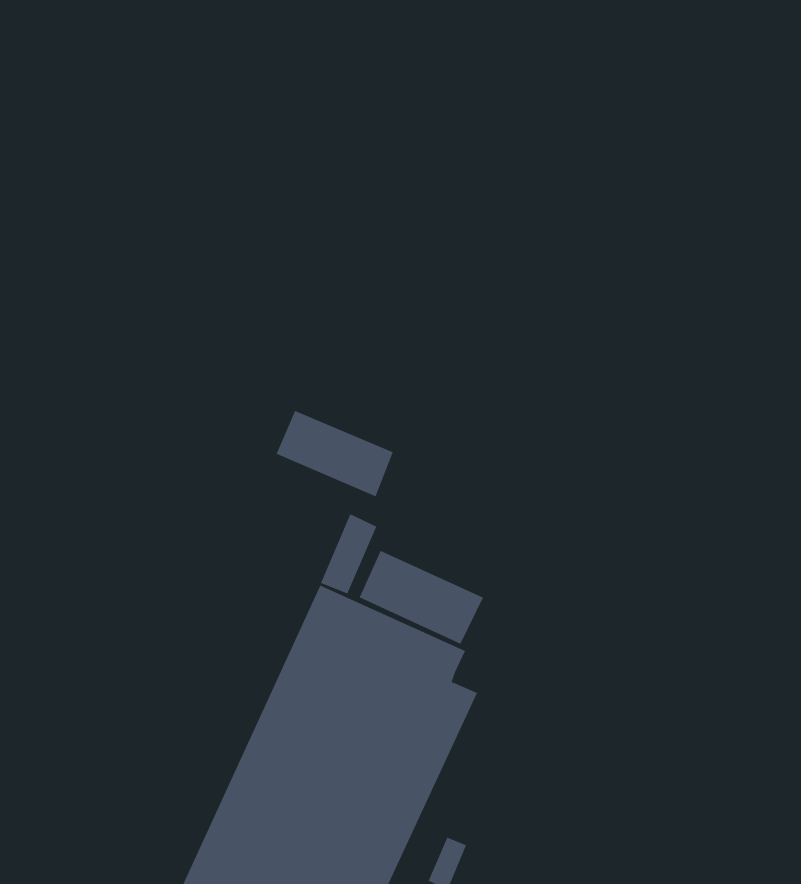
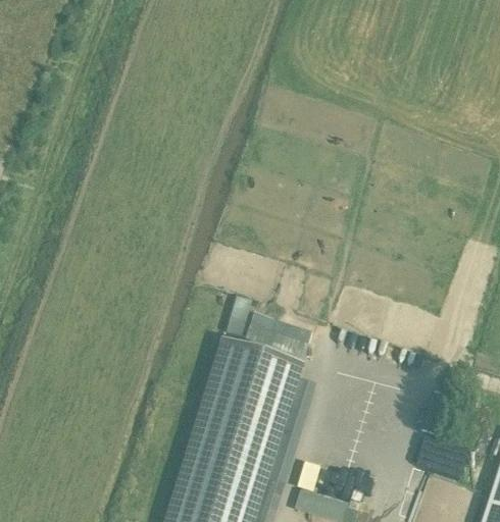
building: [276,410,394,497] -> none

